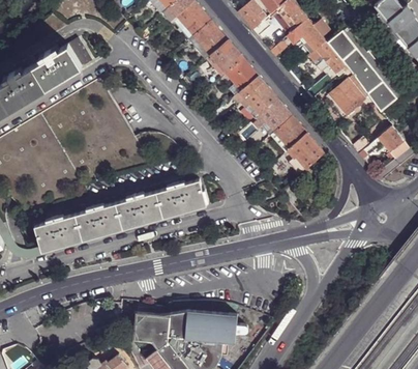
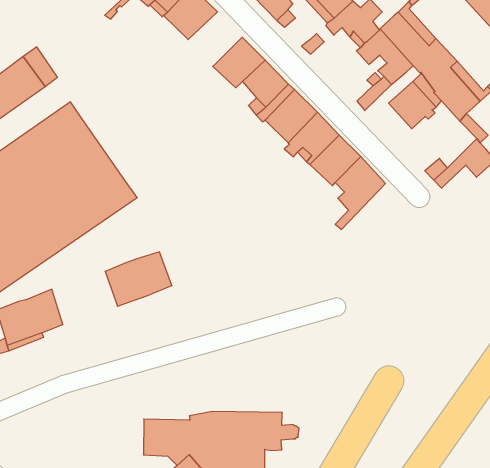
building: [188,21,228,60] -> none
building: [157,179,207,217] -> none
building: [78,203,124,239] -> none

